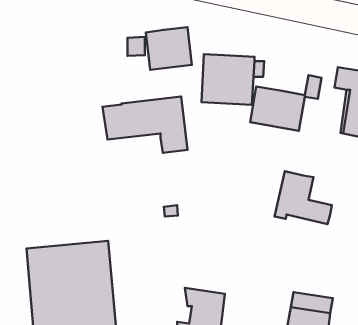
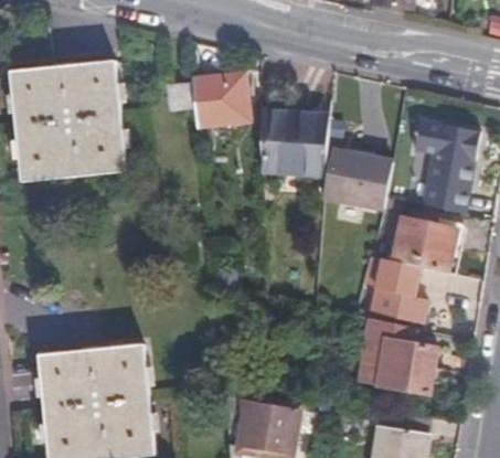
building: none -> [11,63,123,181]
building: [102,97,187,153] -> none
building: none -> [390,216,454,273]
building: none -> [358,317,435,393]

